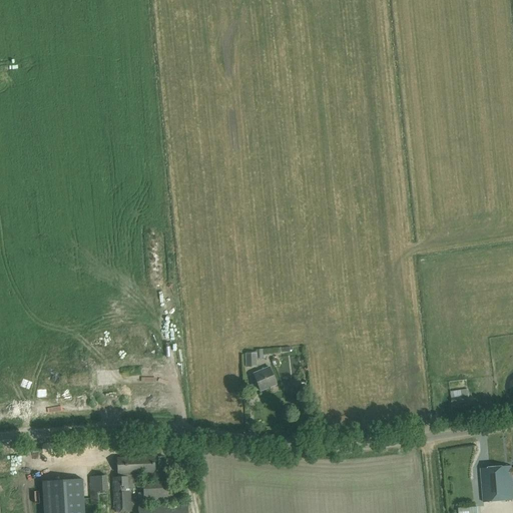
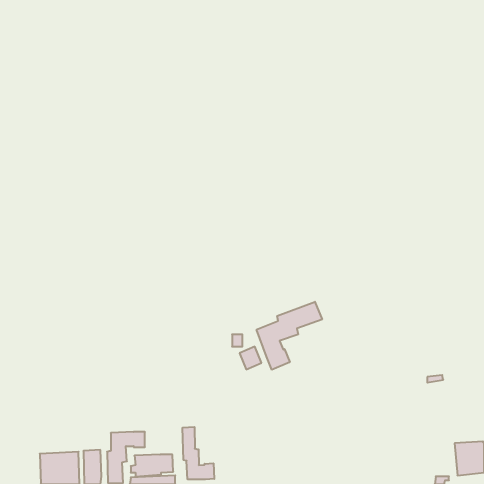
building: none -> [257,302,322,370]
building: none -> [183,427,214,479]

